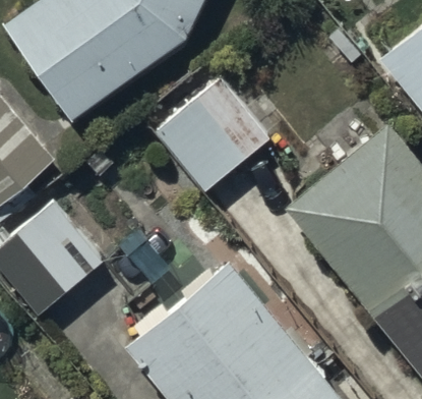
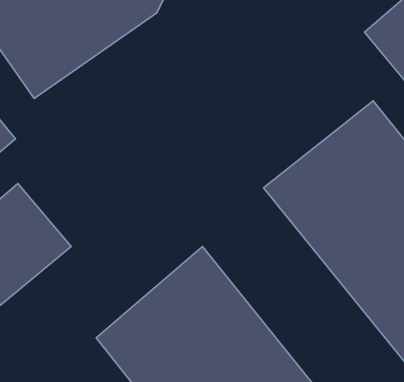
building: [156,76,272,191] -> none

